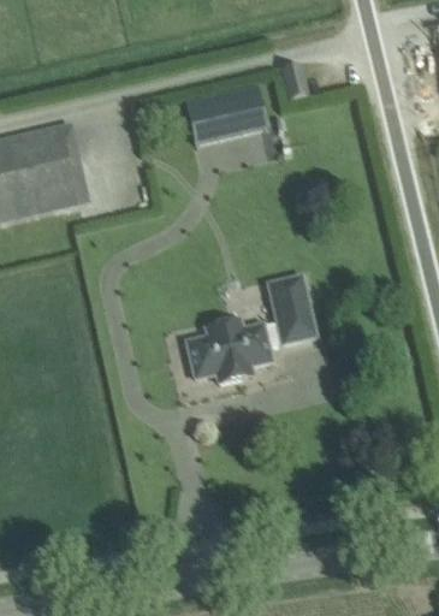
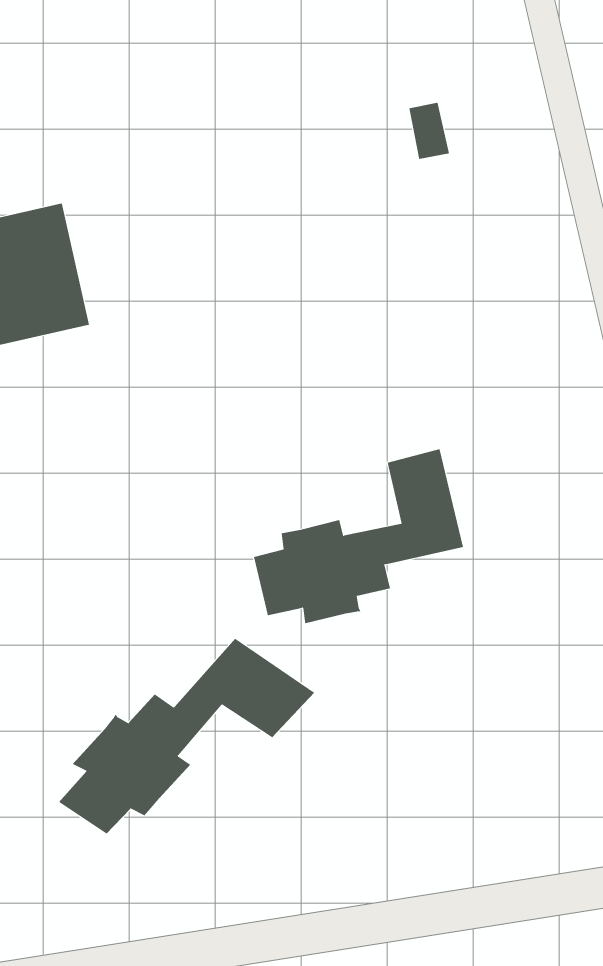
building: [184,85,266,144] -> none
building: none -> [58,638,315,835]

